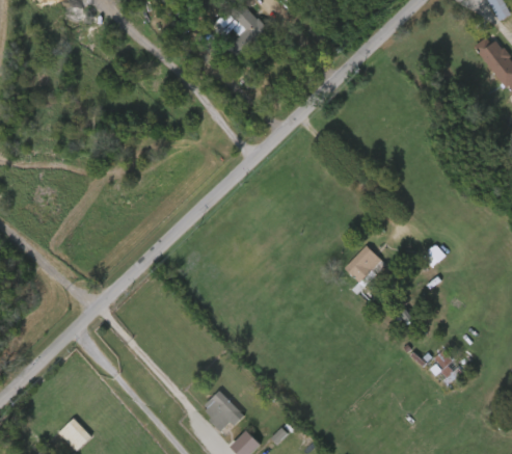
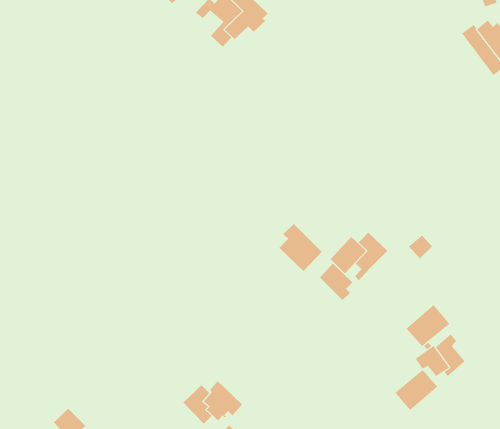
building: none -> [278,223,323,272]
building: none -> [319,263,353,301]
building: none -> [406,304,450,347]
building: none -> [395,369,438,411]

